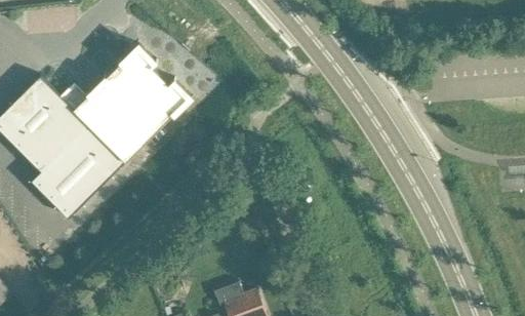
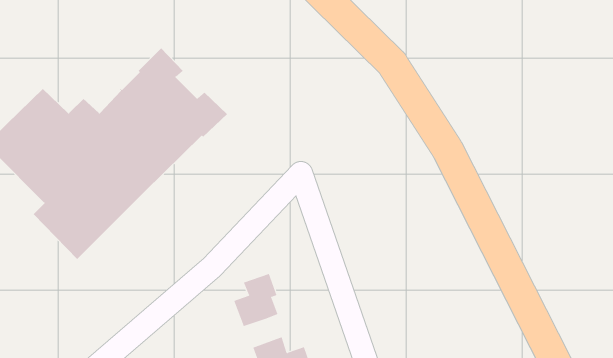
building: none -> [234,273,278,327]

